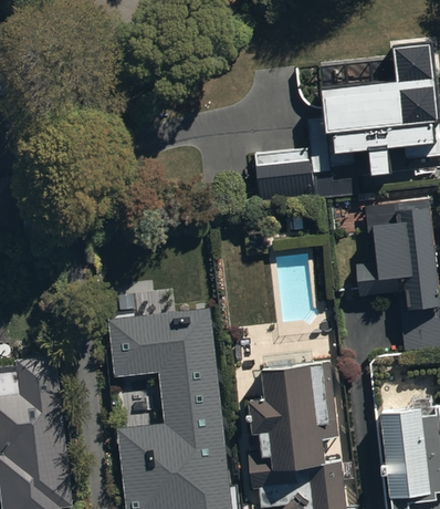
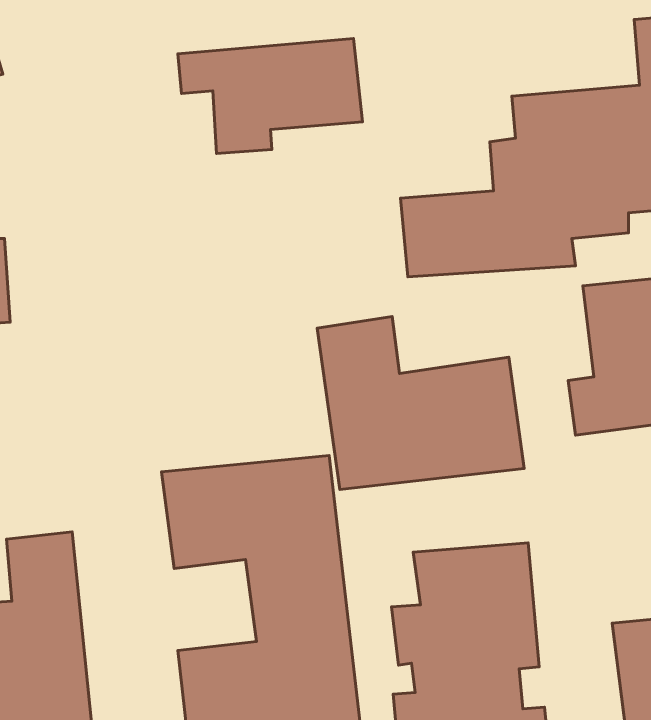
building: none -> [178,38,362,154]
building: none -> [317,317,524,490]

